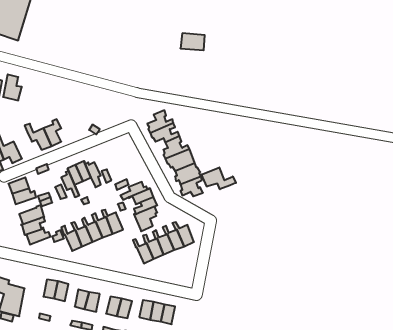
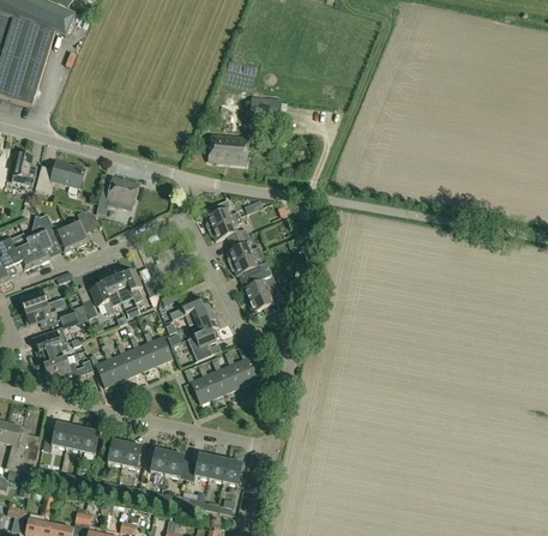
building: none -> [209,133,248,163]
building: none -> [35,161,85,192]
building: none -> [96,175,139,213]
building: none -> [25,227,53,263]
building: [201,167,236,189] -> none
building: none -> [42,421,71,450]

